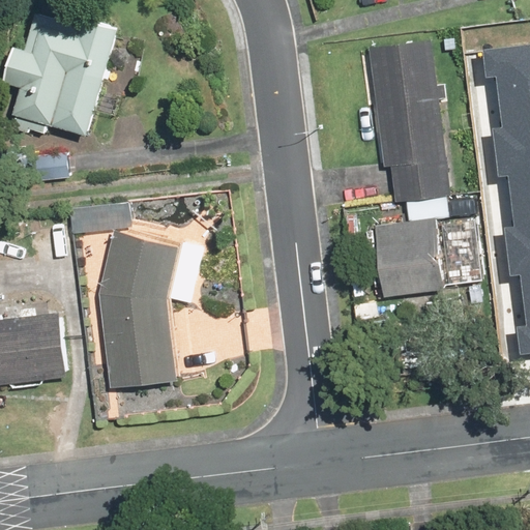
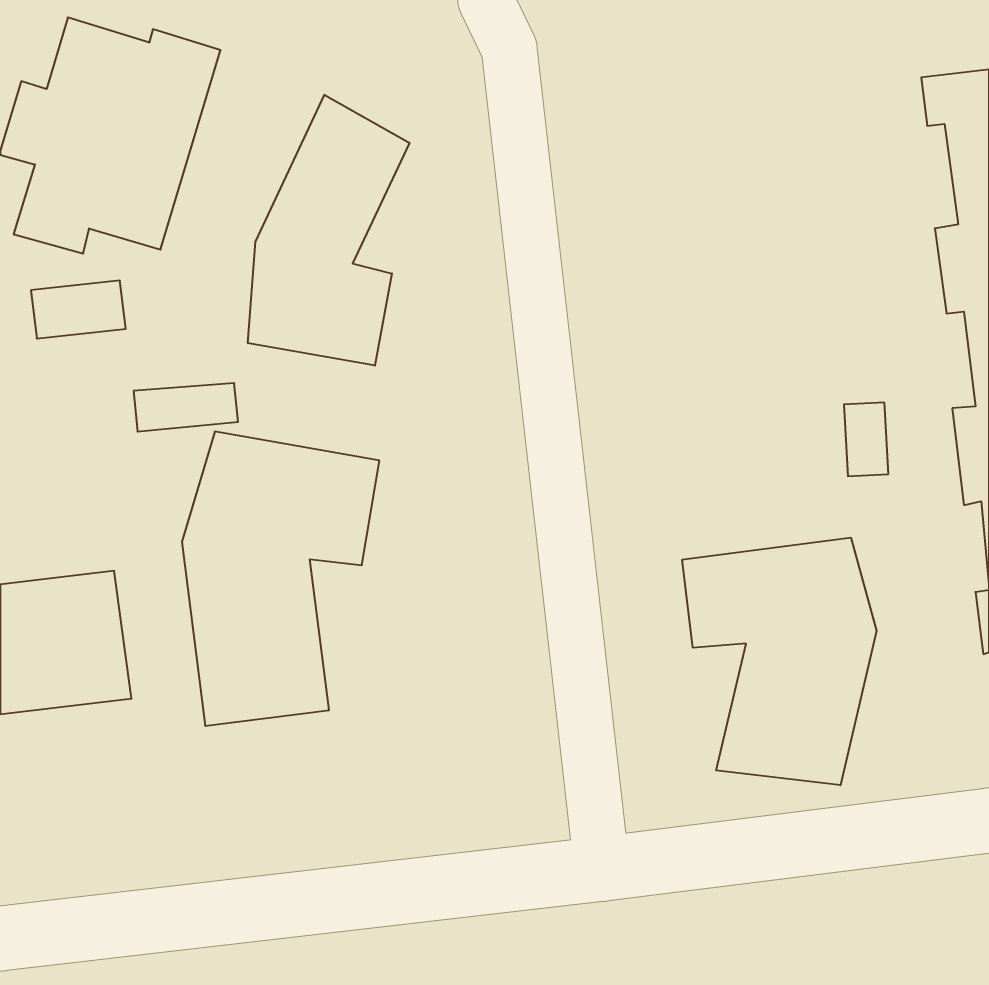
building: [359,40,455,297] -> none
building: none -> [248,95,409,366]
building: none -> [682,538,877,785]

